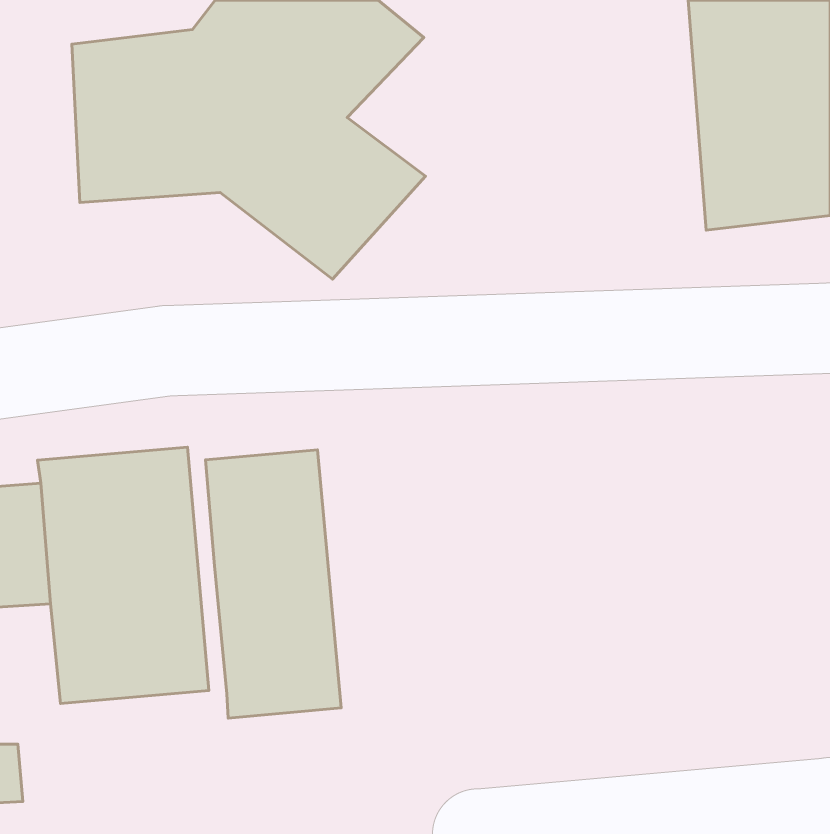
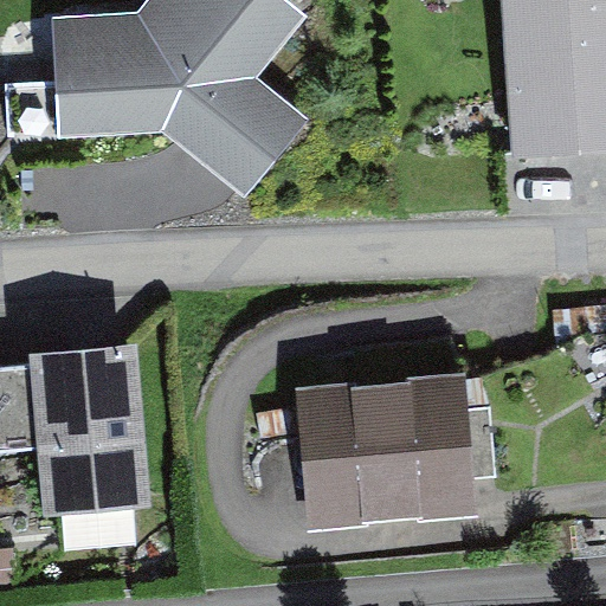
building: [206,450,341,718] -> none
building: none -> [297,357,472,520]

